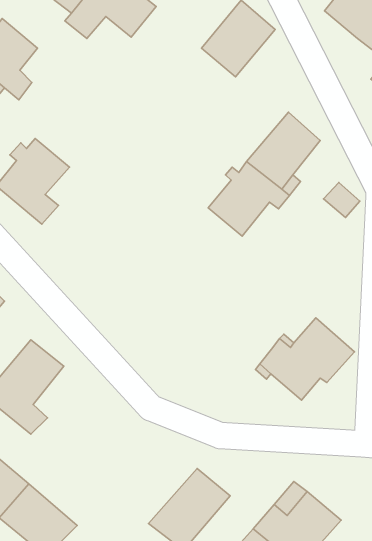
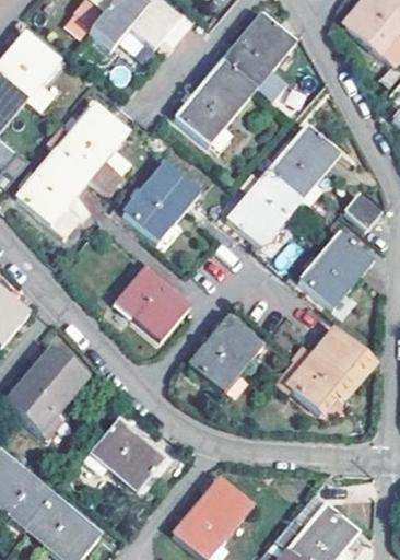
building: none -> [177,60,257,144]
building: none -> [51,103,130,189]
building: none -> [126,165,199,241]
building: none -> [298,231,375,307]
building: none -> [114,262,189,340]
building: none -> [191,315,266,390]
building: none -> [86,420,163,492]

